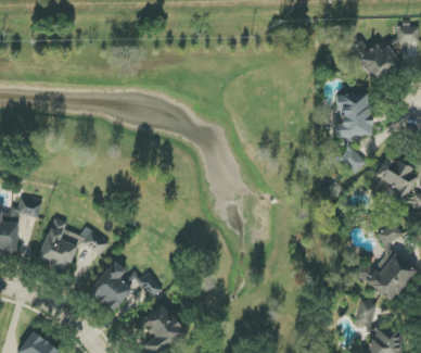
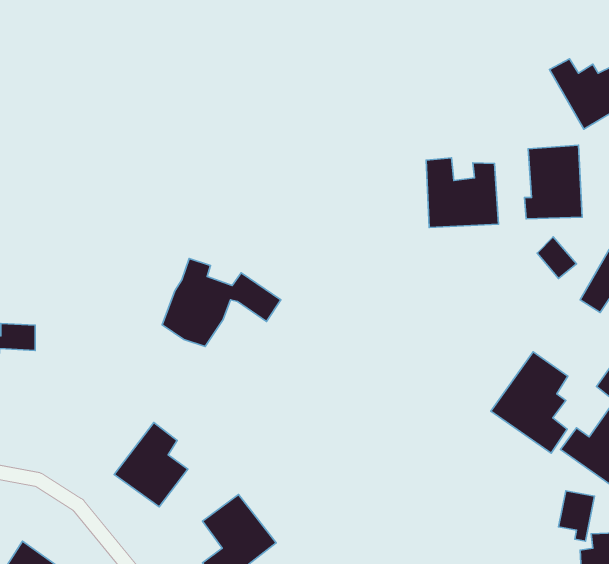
building: none -> [426,158,498,227]
building: none -> [491,352,568,453]
building: [38,218,110,272] -> [162,258,281,347]
building: [128,270,163,303] -> none

